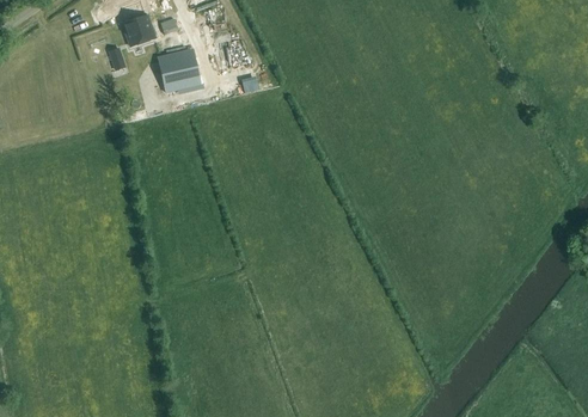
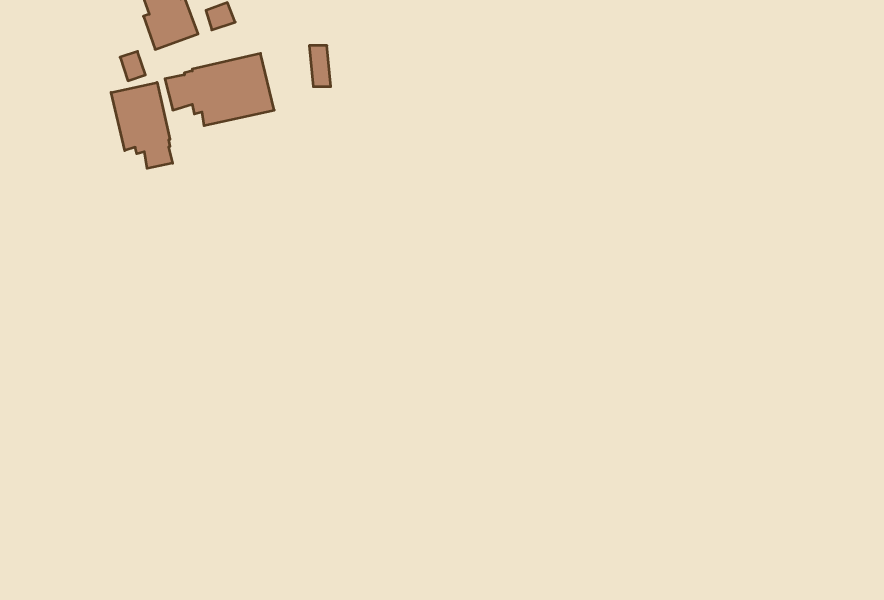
building: none -> [111,82,173,168]

